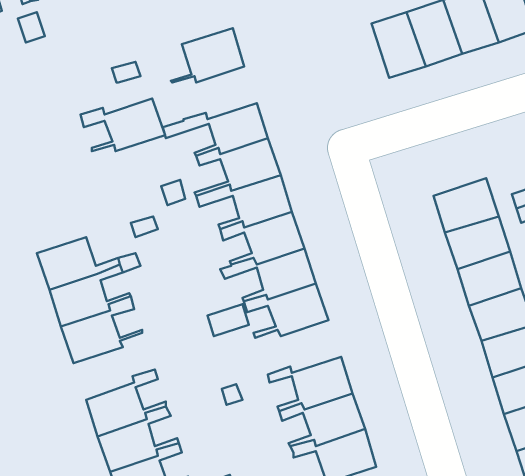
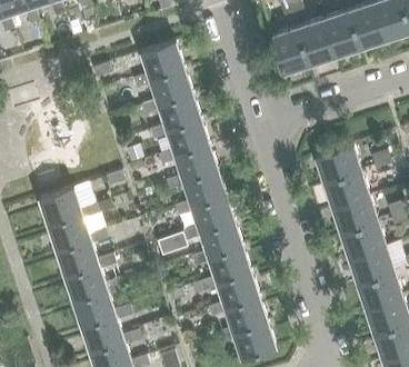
building: [81,98,165,151] -> [133,68,192,105]
building: none -> [191,245,251,282]
building: none -> [64,254,121,300]

